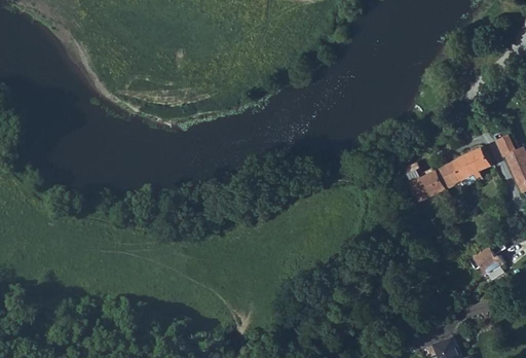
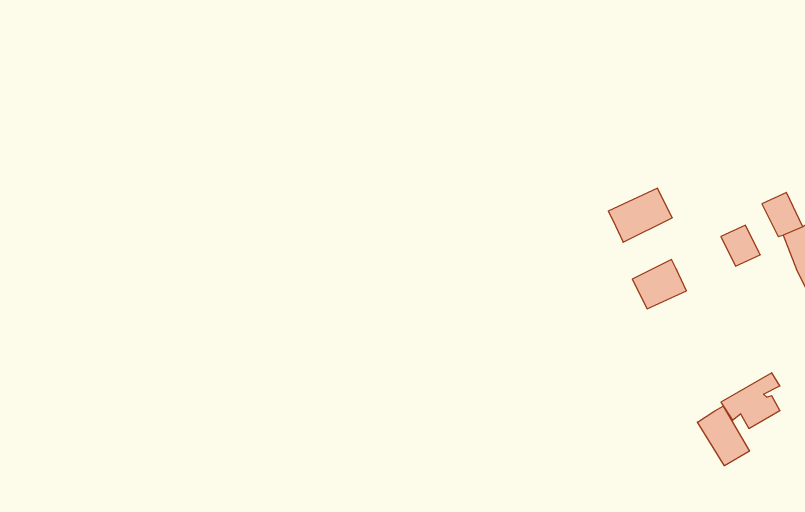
building: [435,155,475,189] -> [608,188,672,242]
building: none -> [697,406,749,466]

